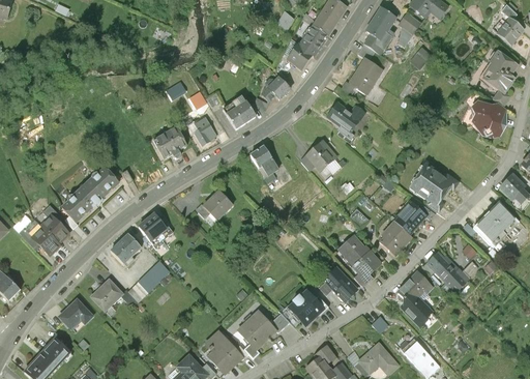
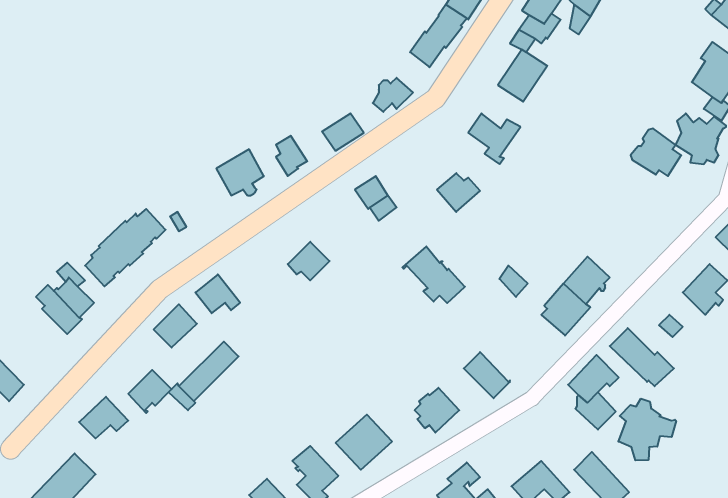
building: [414,167,449,200] -> [631,128,681,176]
building: [337,234,381,273] -> [402,246,465,303]
building: none -> [618,399,676,460]

